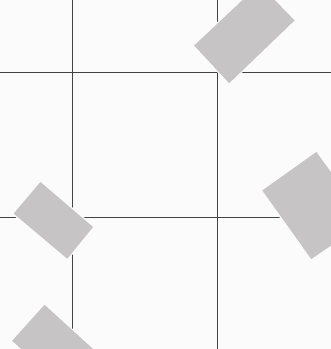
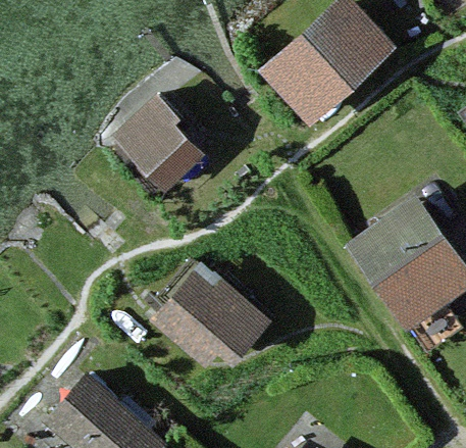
building: none -> [117,104,200,188]
building: [13,181,94,260] -> [170,266,267,360]

